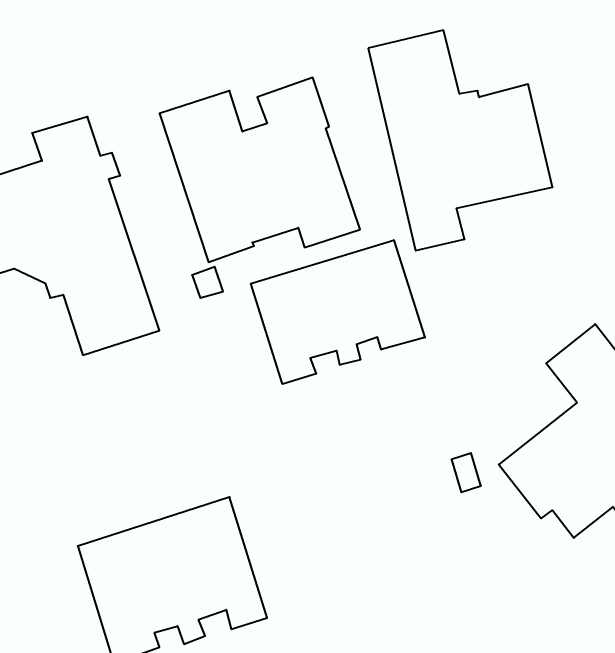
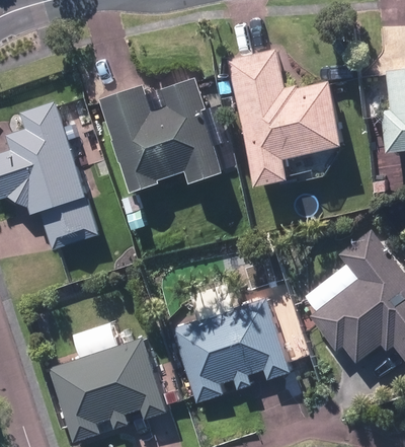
building: [251,240,425,384] -> none
building: none -> [171,282,290,402]

